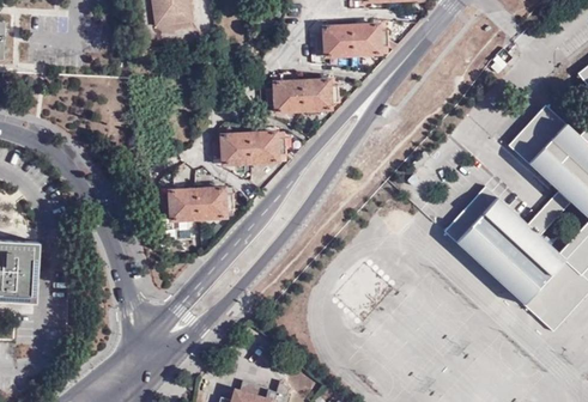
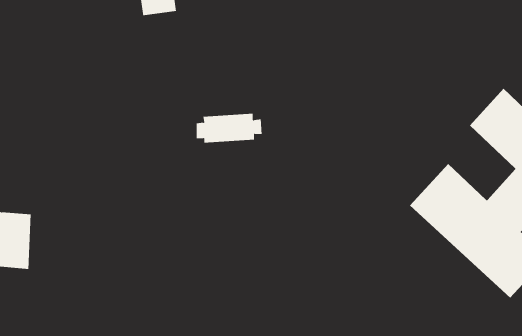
building: [315,25,388,56] -> none
building: [266,80,339,111] -> none
building: [163,189,235,220] -> none

